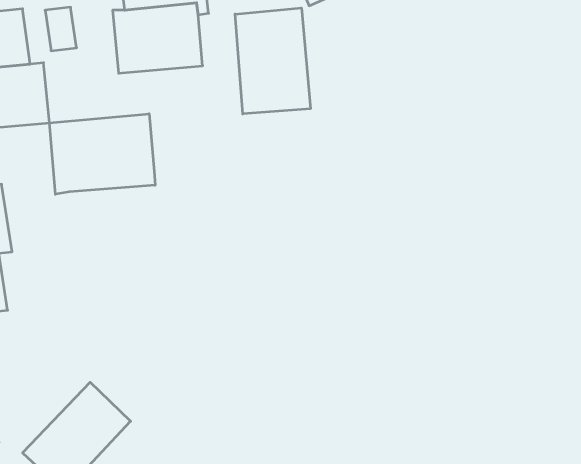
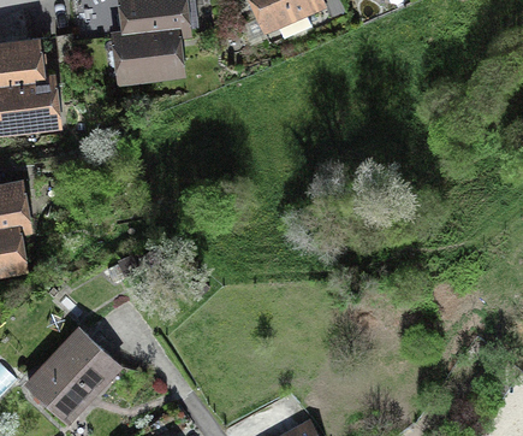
building: [235,8,310,114] -> none
building: [50,114,155,194] -> none

